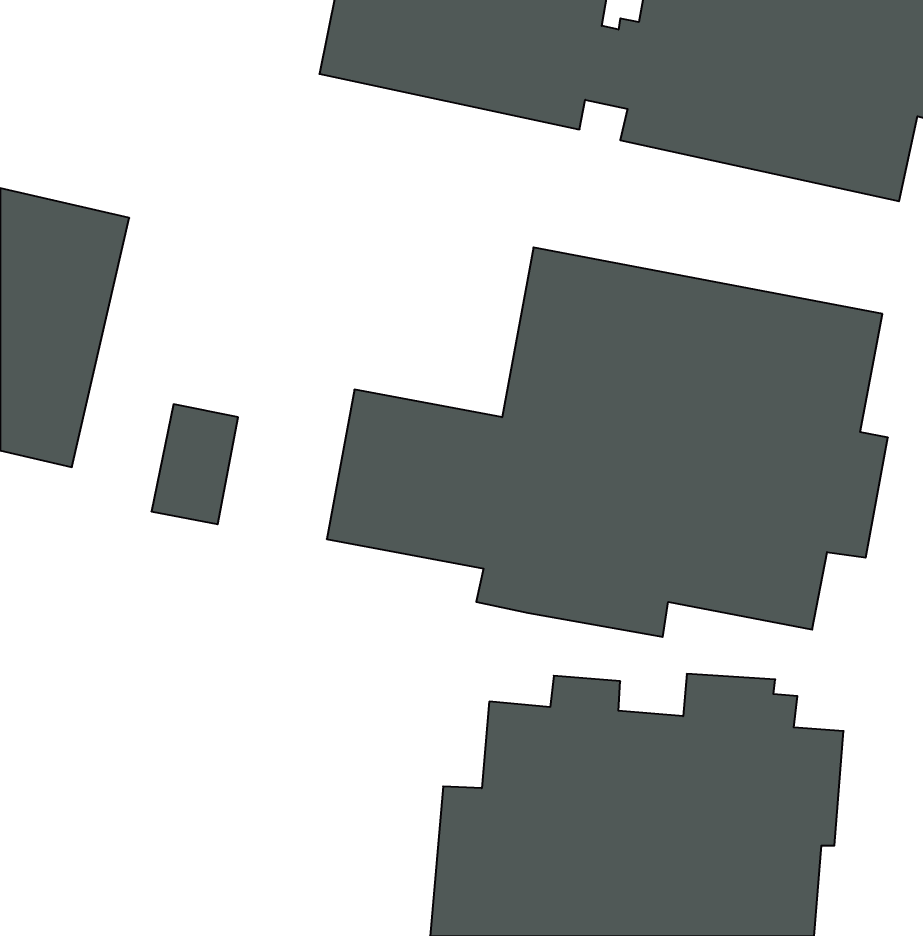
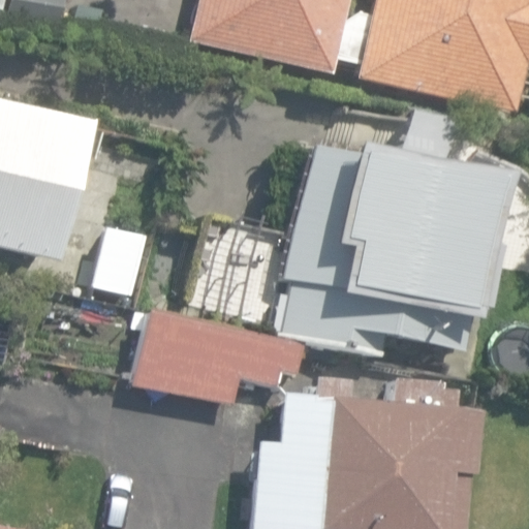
building: none -> [139,313,307,404]

